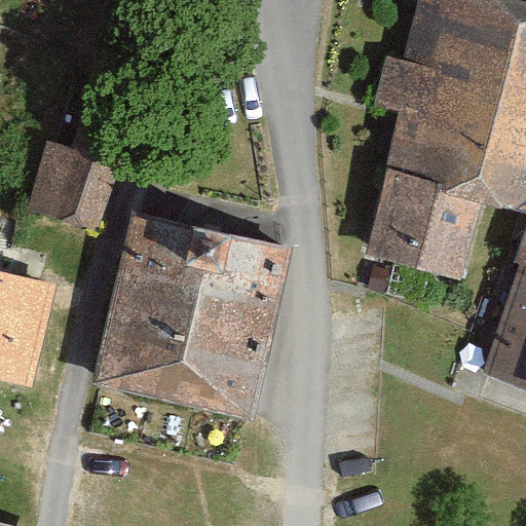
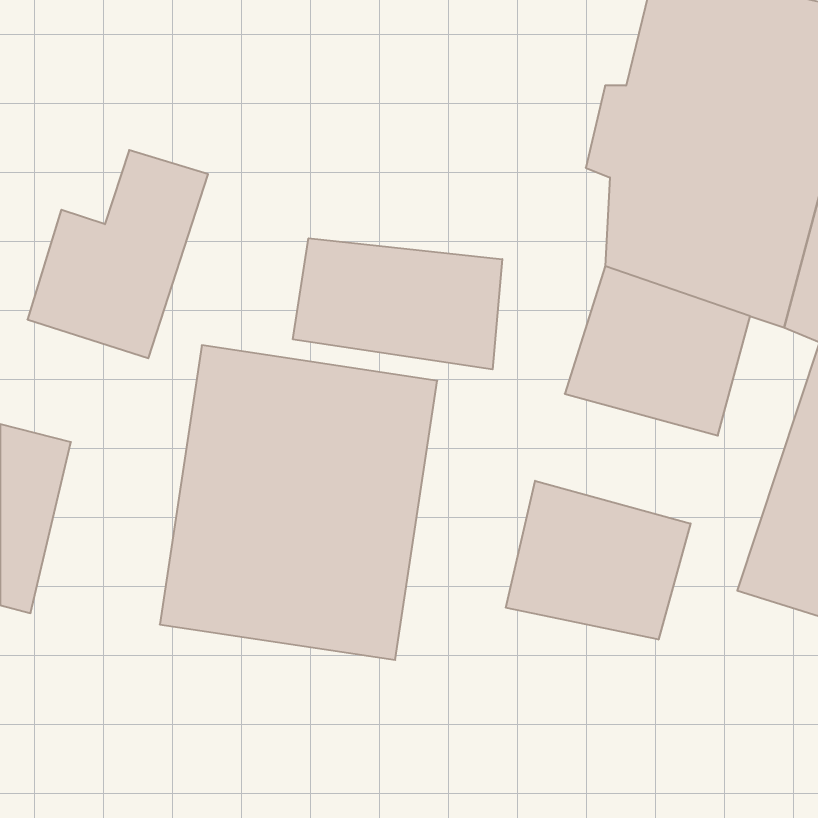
building: none -> [293,238,502,369]
building: none -> [506,481,691,640]

